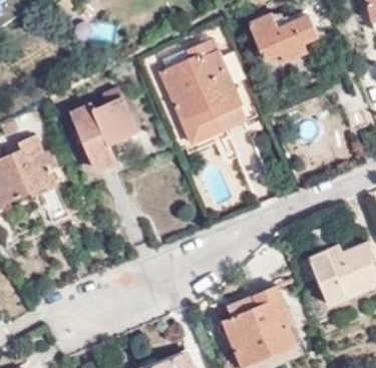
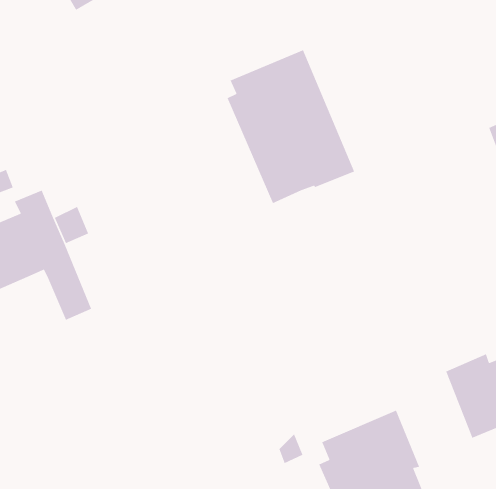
building: [249,12,317,60] -> none
building: [71,97,138,166] -> none

